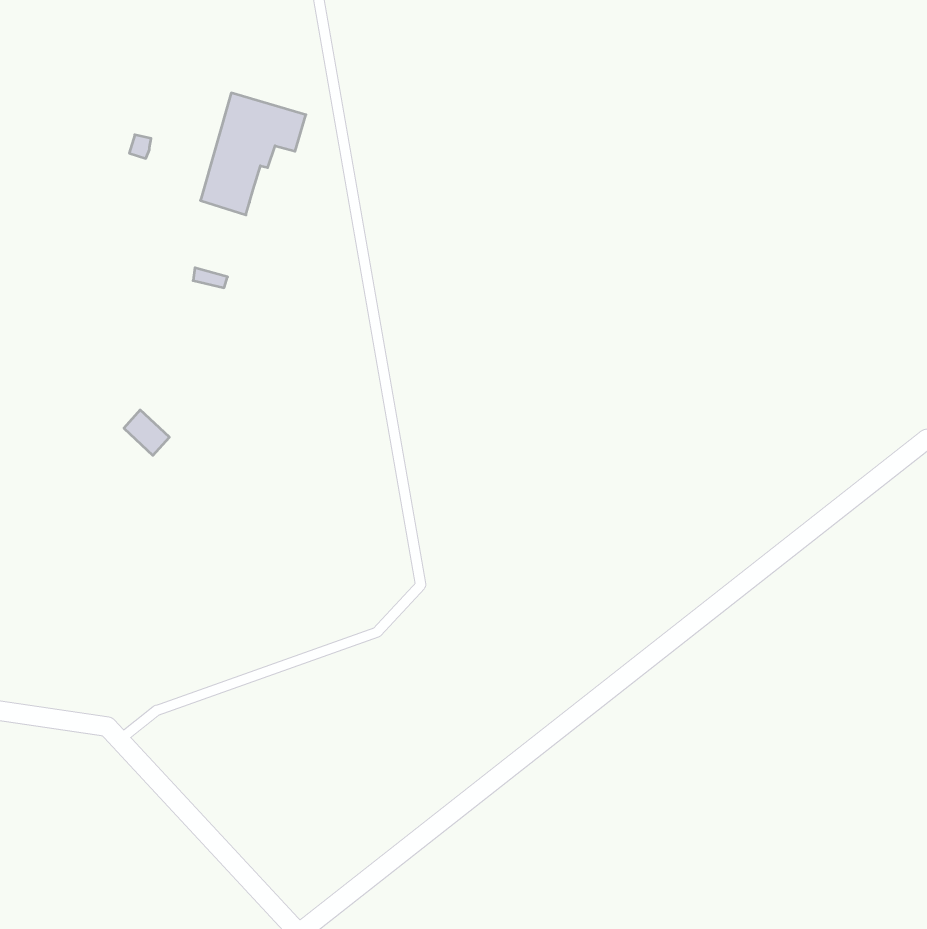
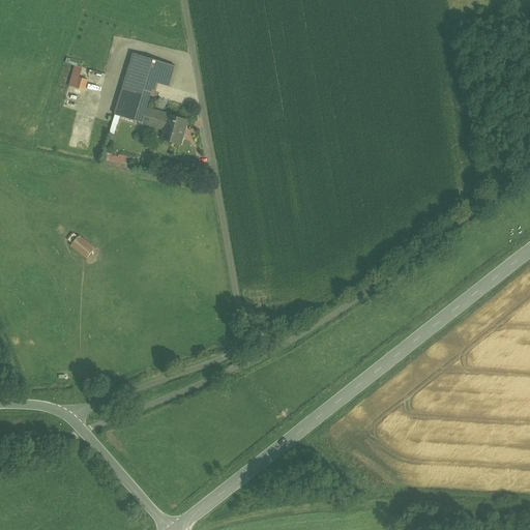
building: none -> [142,108,185,144]

